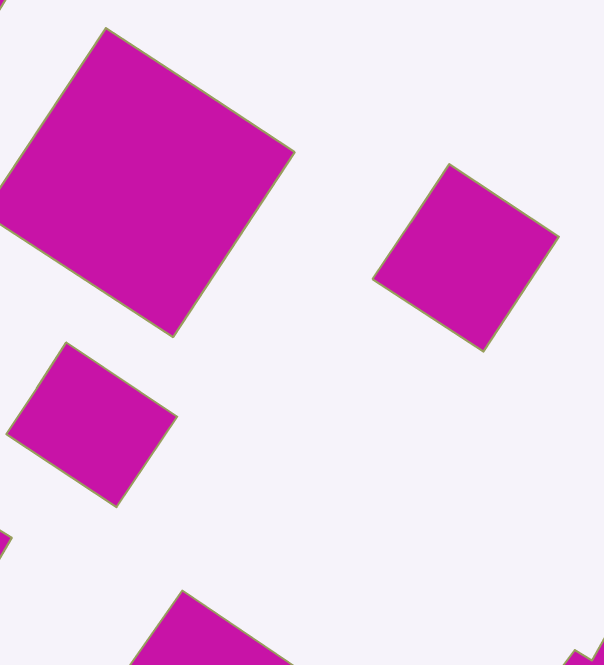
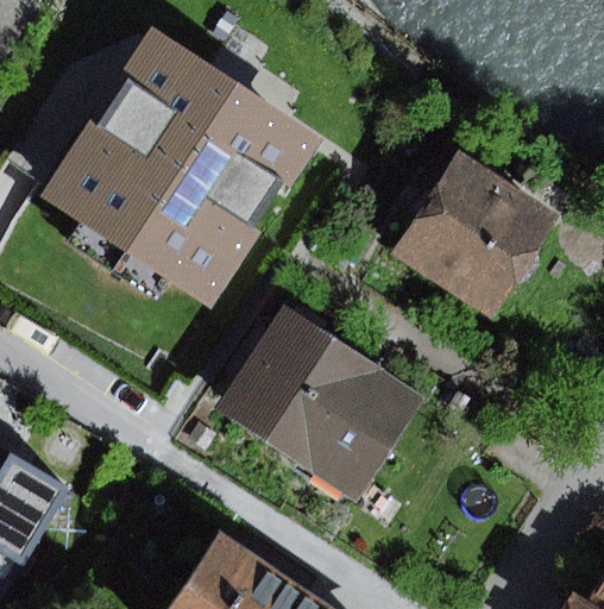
building: none -> [212,303,422,501]
building: [6,342,177,507] -> none

